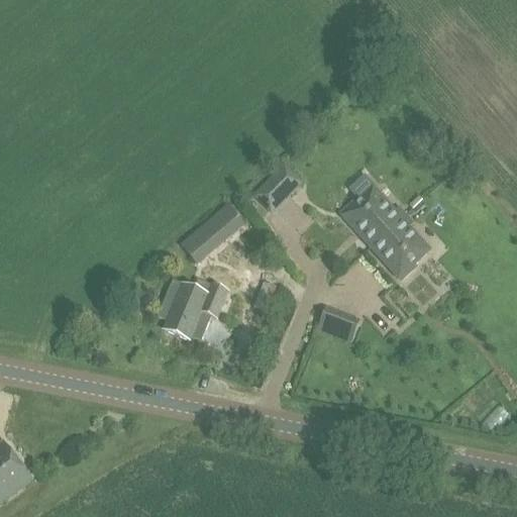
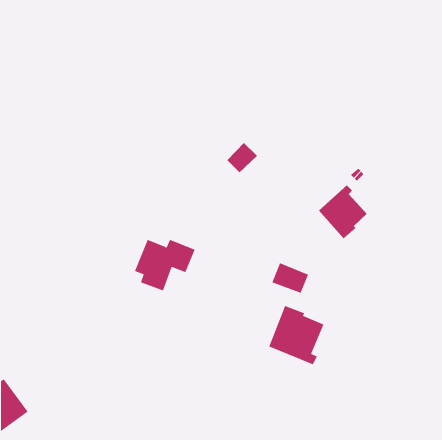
building: [341,188,405,245] -> none
building: [180,204,245,265] -> none
building: none -> [269,305,324,365]

